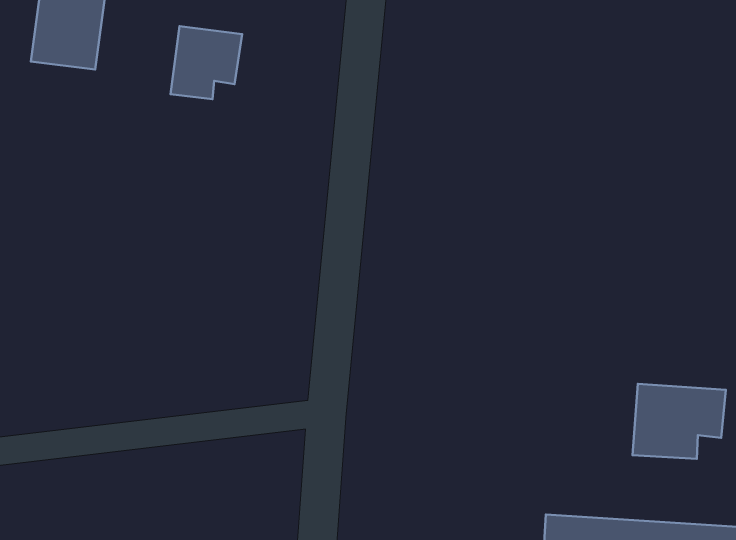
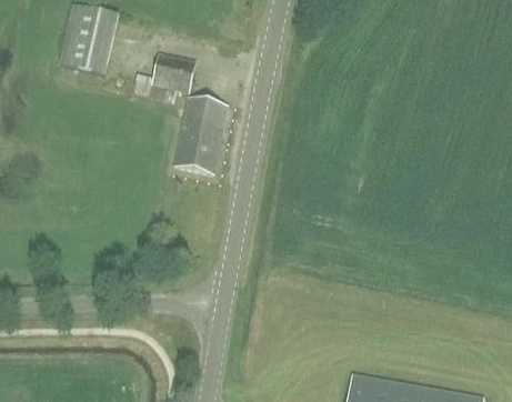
building: none -> [174,93,227,171]
building: [632,384,726,459] -> none

